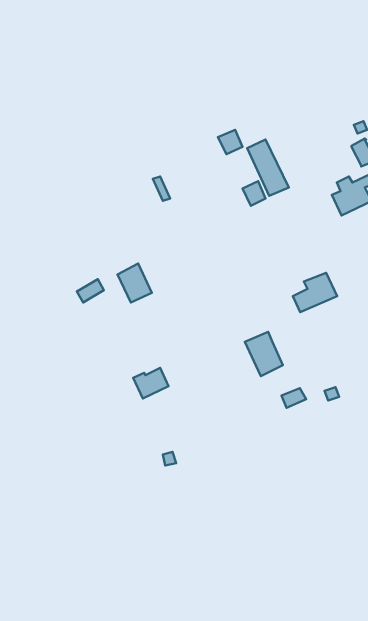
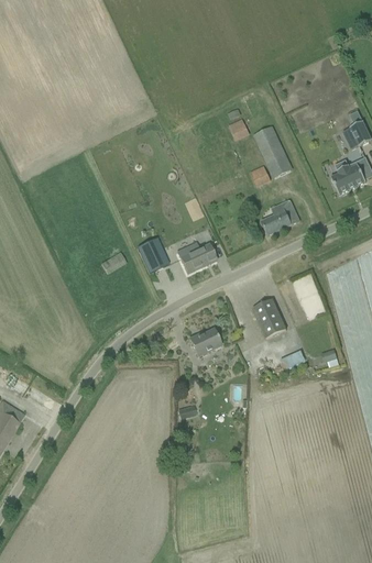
building: none -> [177,241,217,272]
building: [293,273,337,312] -> [261,199,300,234]
building: [133,368,169,399] -> [189,328,221,355]

